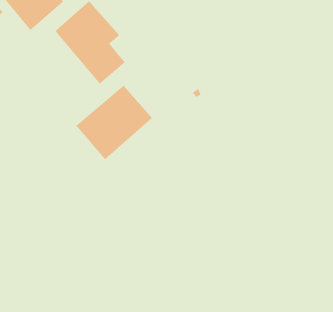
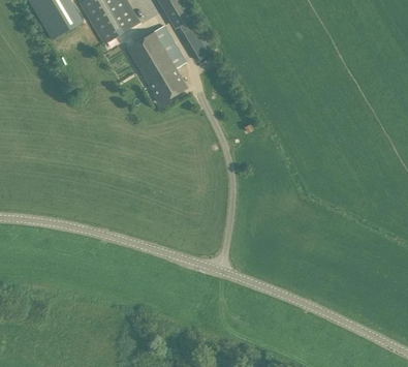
building: [75,85,153,160] -> none

